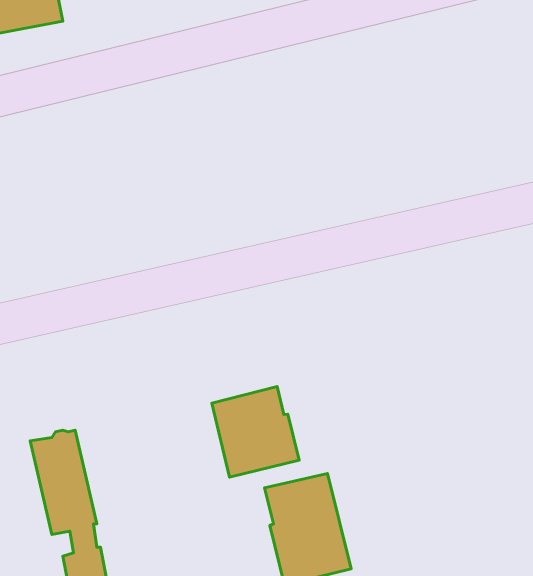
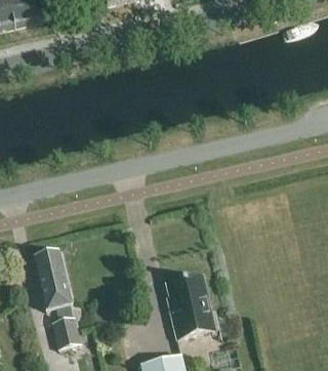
building: [212,386,299,477] -> none

